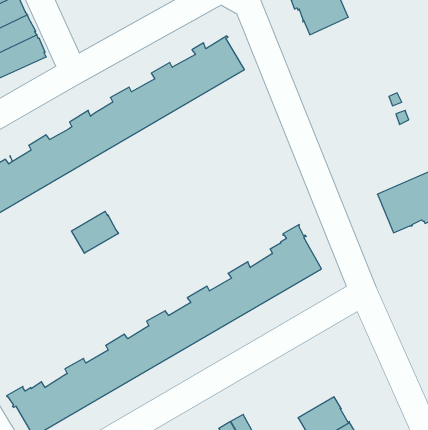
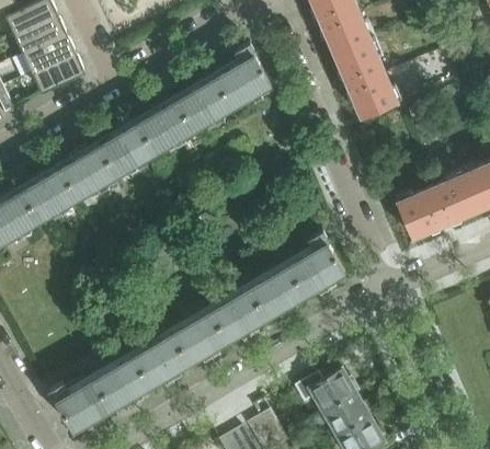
building: none -> [333,37,397,118]
building: [71,211,118,253] -> none
building: none -> [308,369,356,414]

